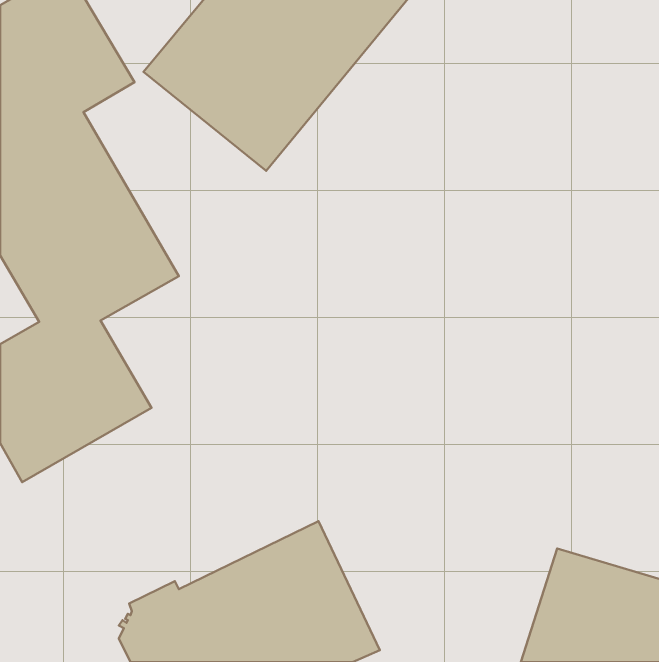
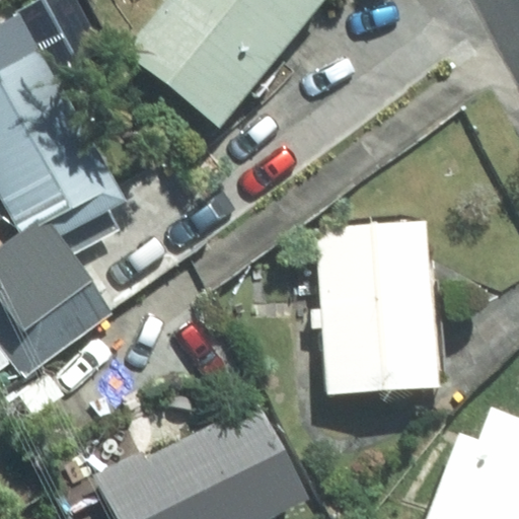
building: none -> [314,224,432,398]

